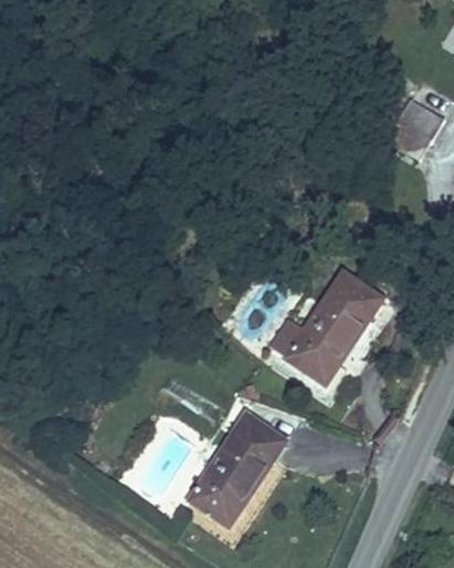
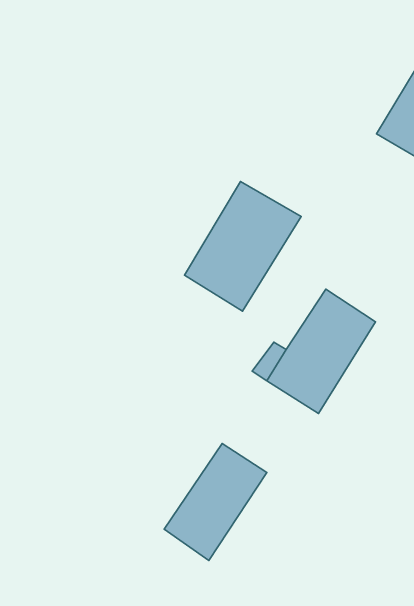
building: none -> [185,181,301,311]

